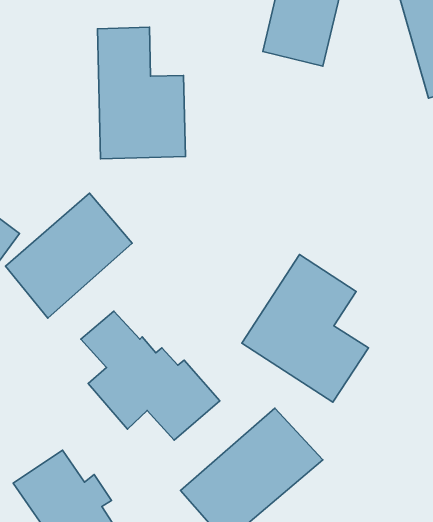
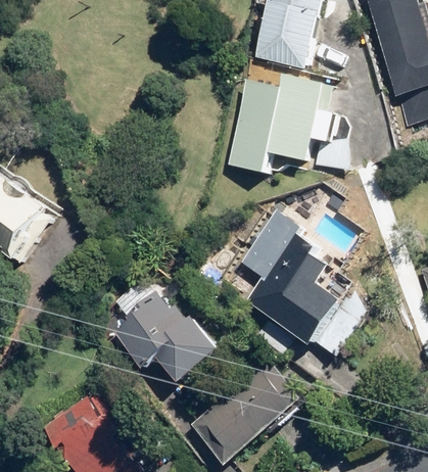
building: [97,27,185,159] -> none
building: none -> [227,74,346,174]
building: [5,193,132,318] -> none

